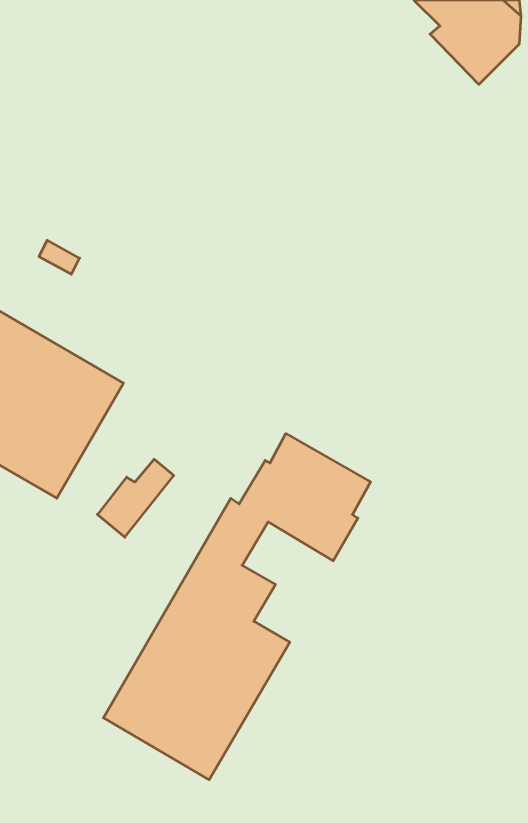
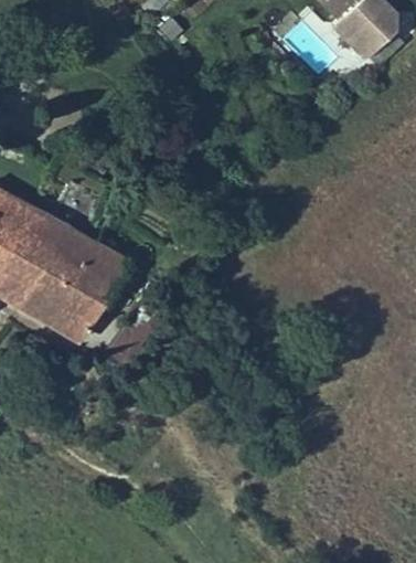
building: [103,434,370,780] -> none

